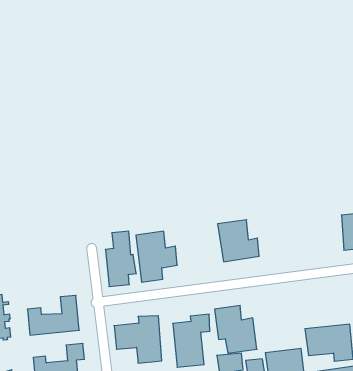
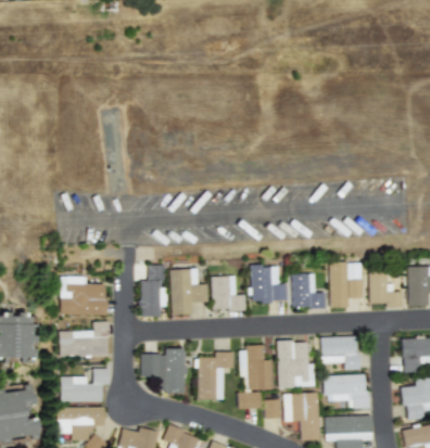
building: none -> [329,261,362,307]
building: none -> [291,273,325,308]
building: none -> [211,276,245,310]
building: none -> [60,276,106,315]
building: none -> [320,336,358,370]
building: none -> [277,341,314,387]

